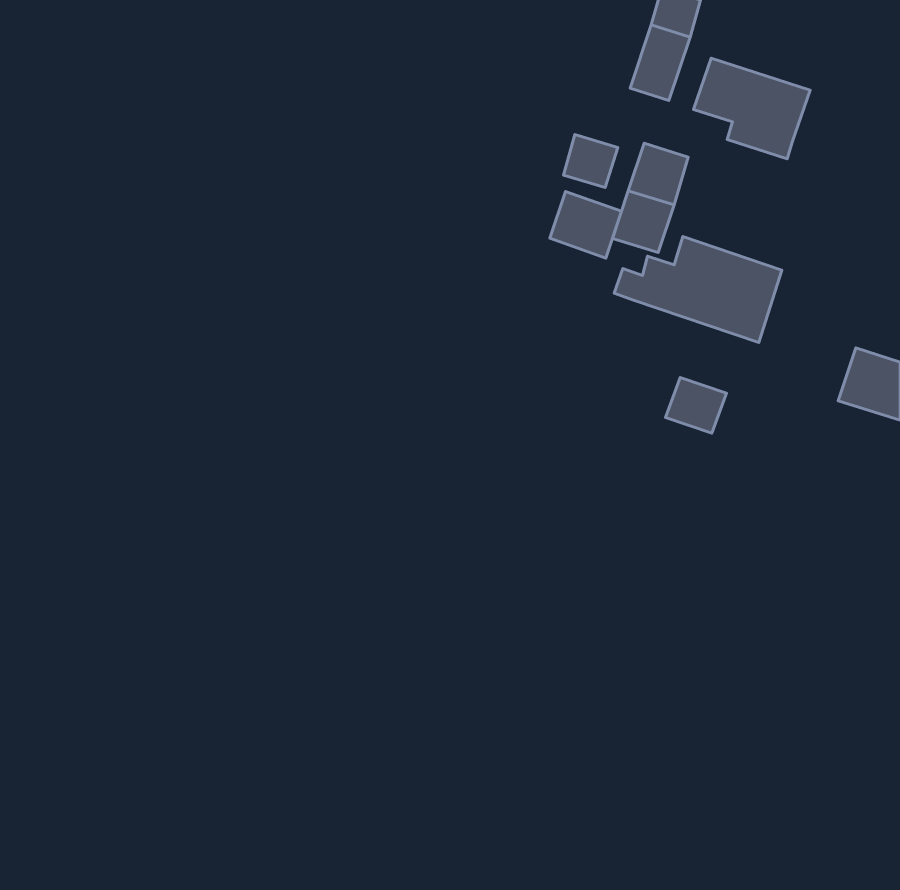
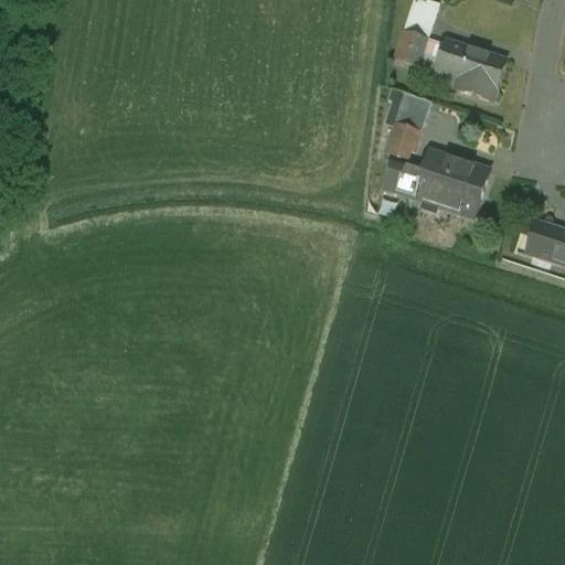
building: [564,134,618,188] -> none
building: [550,191,621,258] -> none
building: [665,378,727,433] -> none

